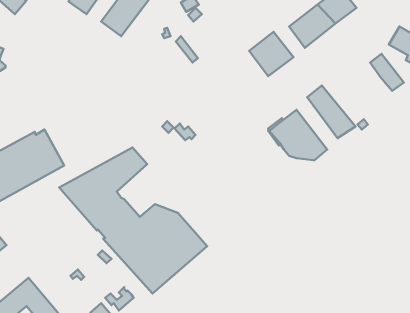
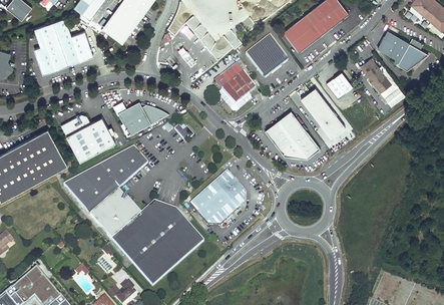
building: none -> [32,18,91,74]
building: none -> [213,62,256,112]
building: none -> [326,71,354,99]
building: none -> [113,100,168,133]
building: none -> [60,113,115,161]
building: none -> [188,172,244,226]

